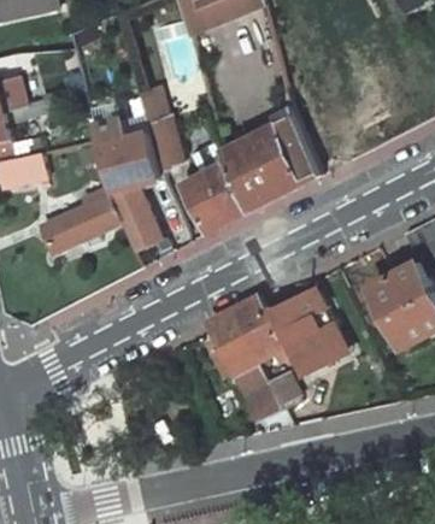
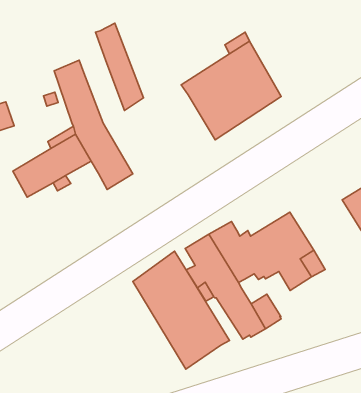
building: [122,124,159,184] -> none
building: [187,164,248,231] -> none
building: none -> [133,251,230,369]

